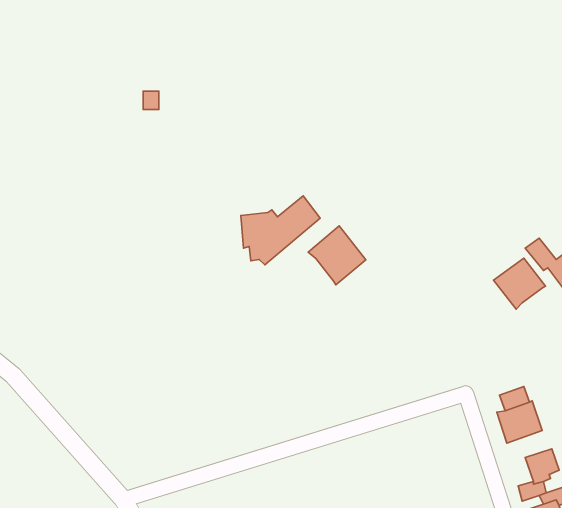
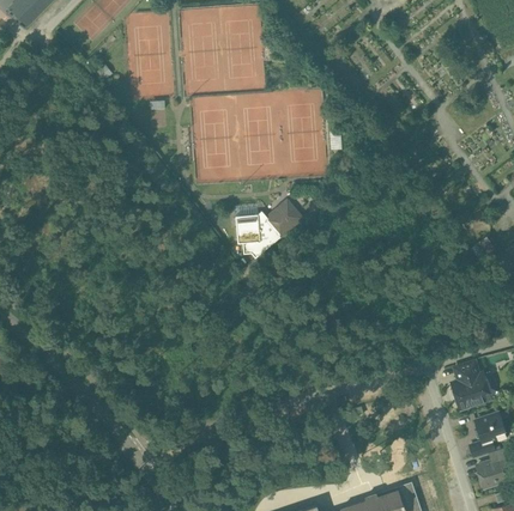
building: [308,226,366,285] -> none
building: [493,258,545,309] -> none

